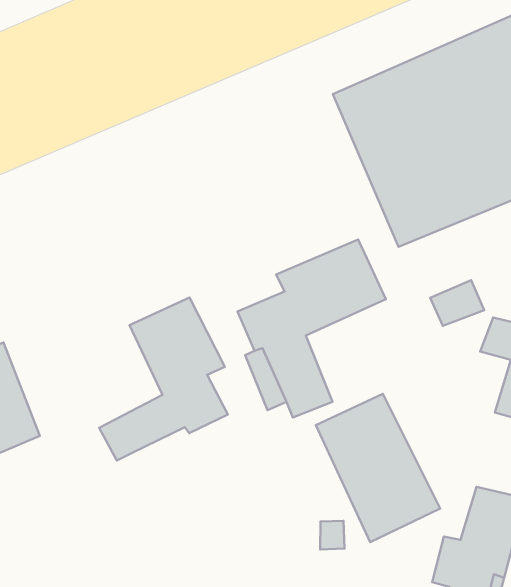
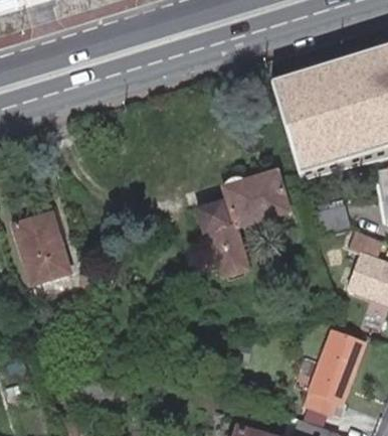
building: [99,297,228,460] -> none
building: [316,394,440,542] -> none

